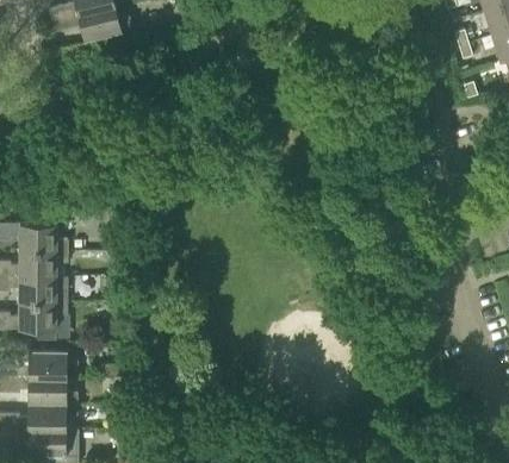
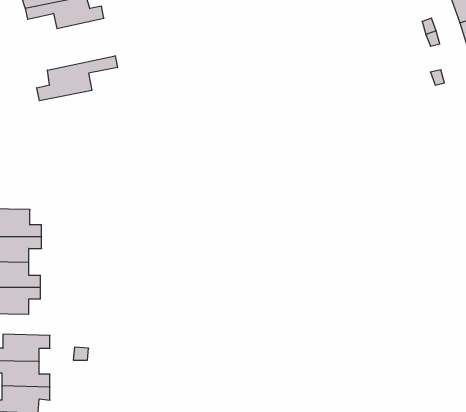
building: none -> [37,56,117,101]

